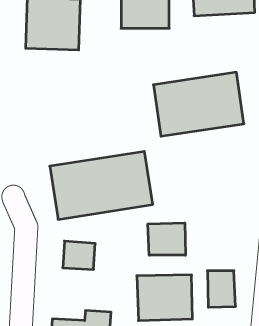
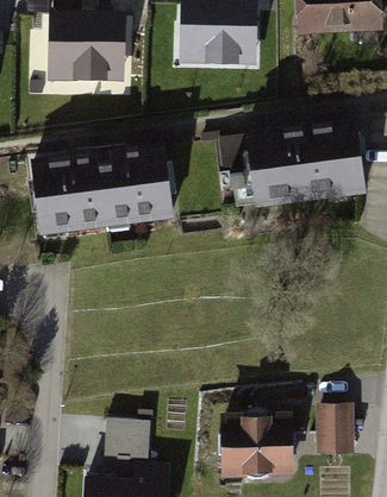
building: [50,151,153,219] -> [21,141,169,239]
building: [148,223,185,255] -> none
building: [63,241,95,269] -> [108,416,155,457]

